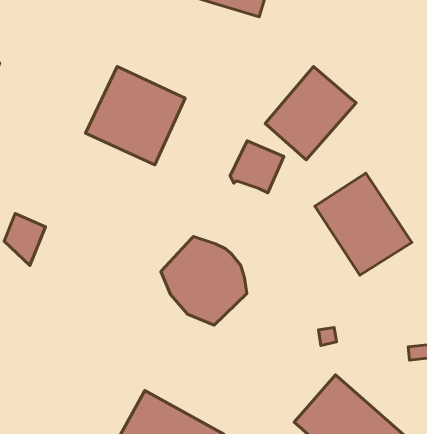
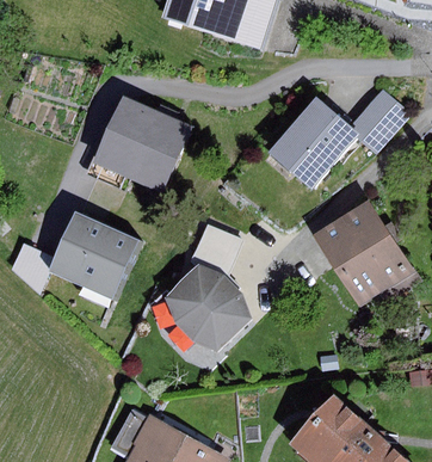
building: none -> [348,90,409,152]
building: [230,141,284,193] -> [190,224,242,276]
building: none -> [49,211,143,302]

